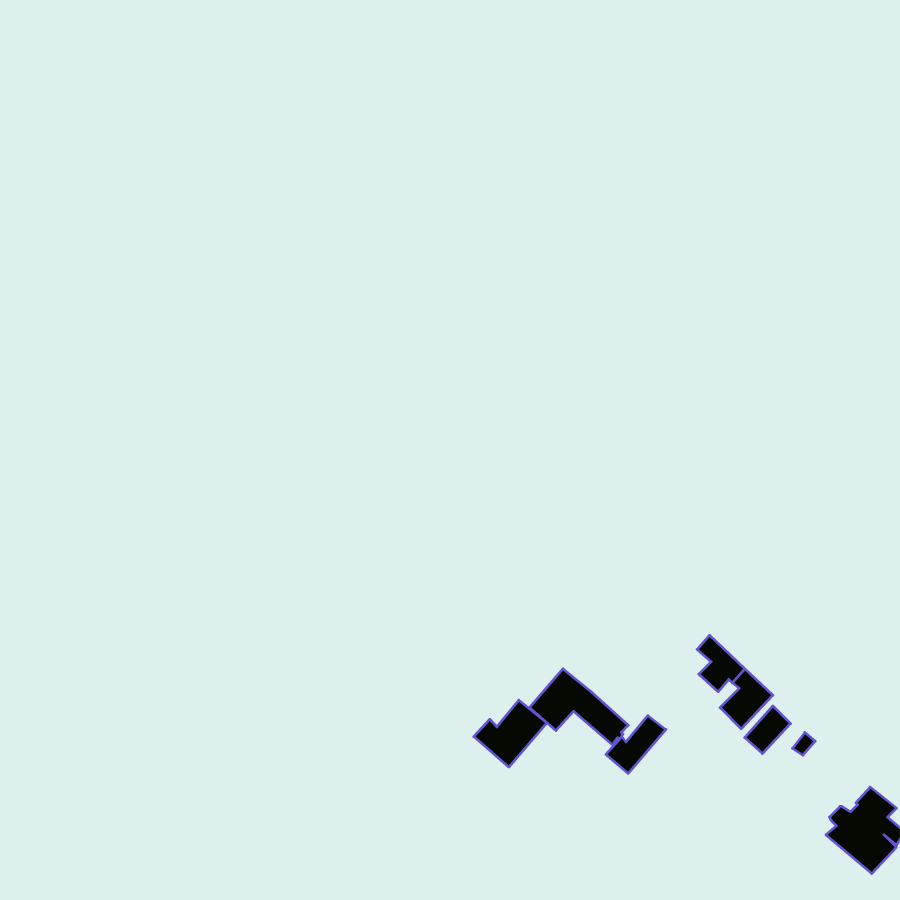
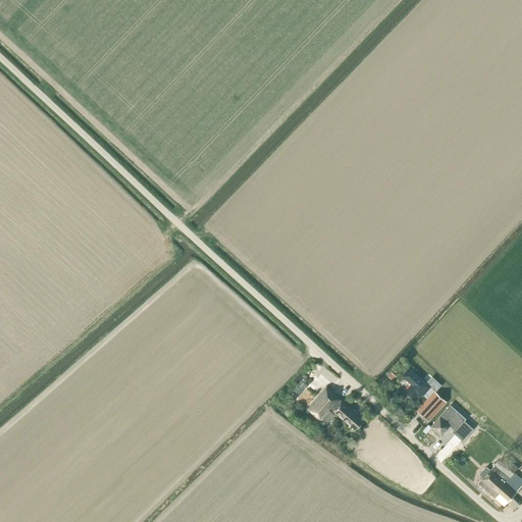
building: [474,700,547,767] -> none
building: [606,716,666,773] -> none

